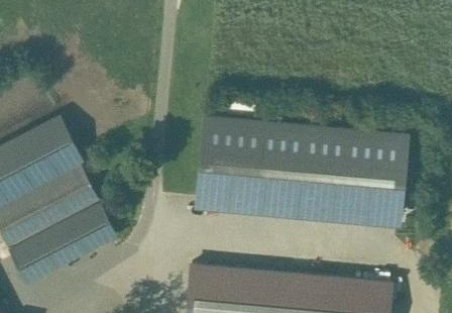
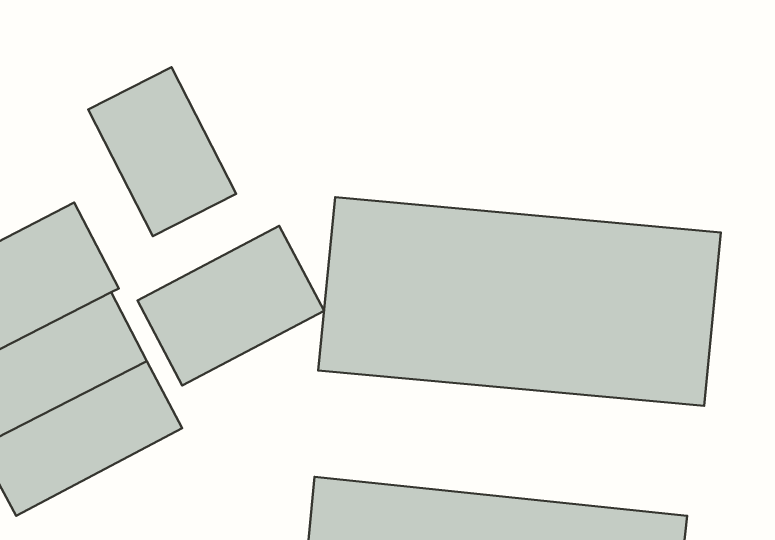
building: none -> [88,67,236,236]
building: none -> [138,226,324,386]

